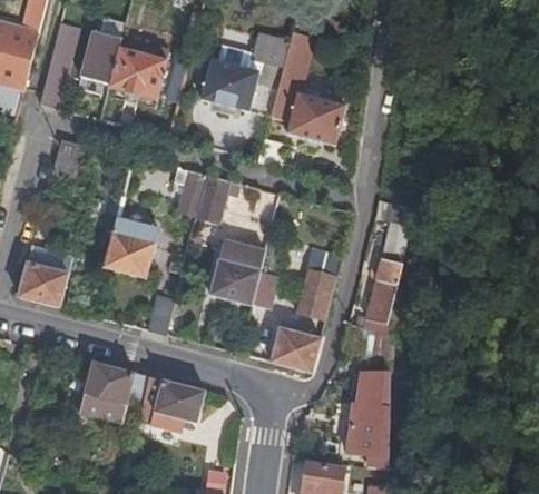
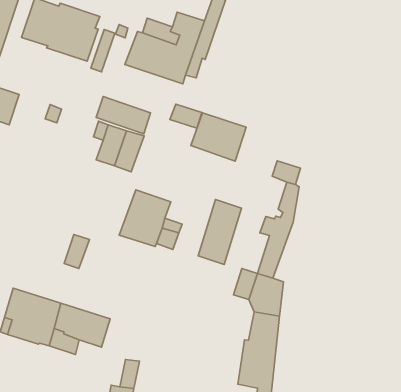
building: [285,96,346,148] -> [191,113,246,161]
building: none -> [96,96,151,134]
building: [104,211,157,277] -> none
building: [267,326,321,370] -> none

